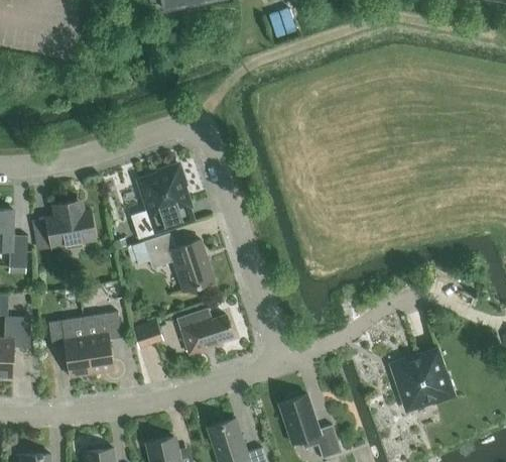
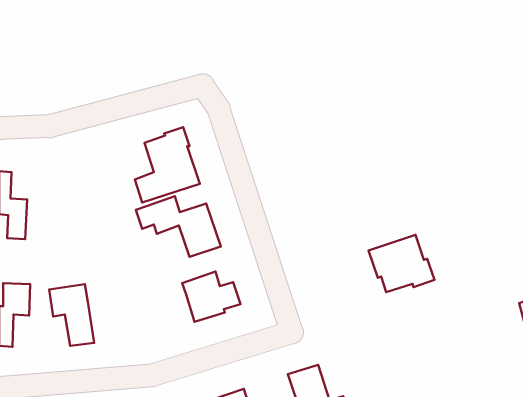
building: [37,200,96,248] -> none
building: [83,311,121,373] -> none
building: [132,320,162,347] -> none
building: [390,351,454,407] -> [369,235,434,292]

